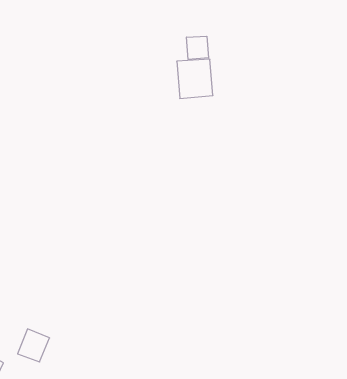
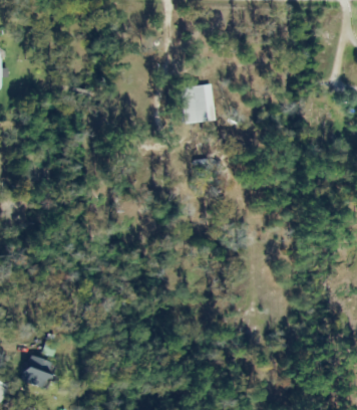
building: [187,36,209,60] -> none

